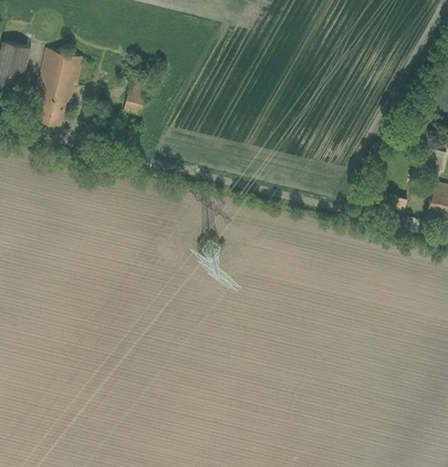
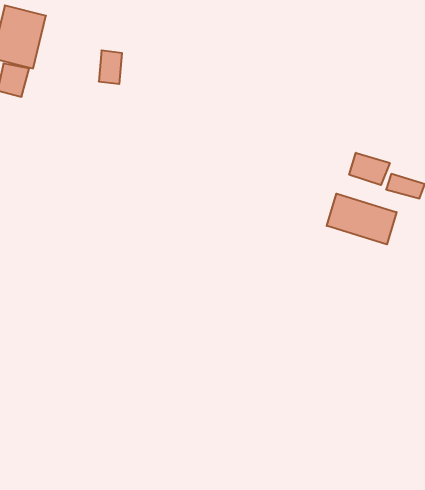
building: none -> [349,153,390,185]
building: none -> [327,194,397,244]

